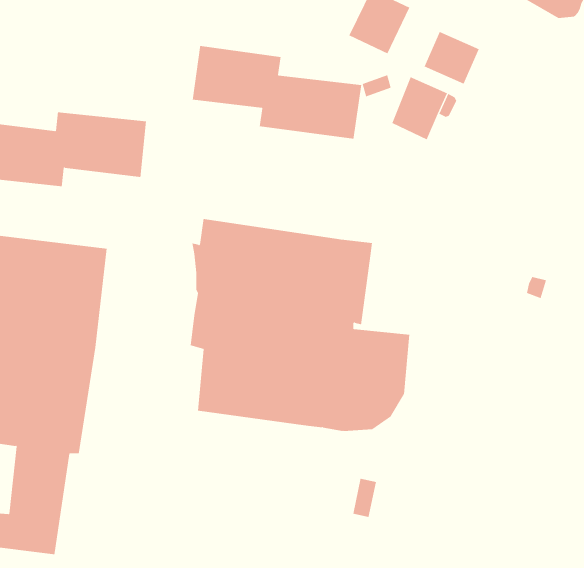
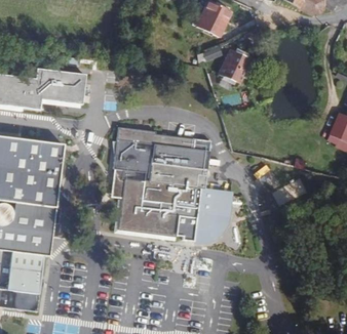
building: [424,31,479,84] -> none
building: [192,45,362,139] -> none

